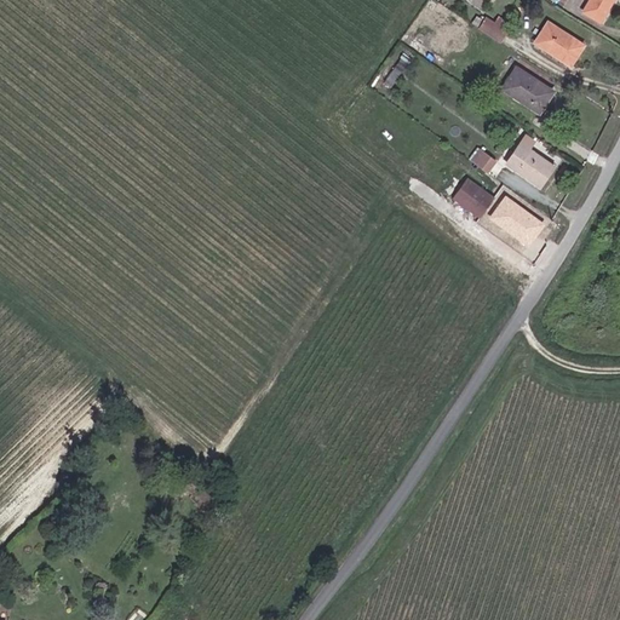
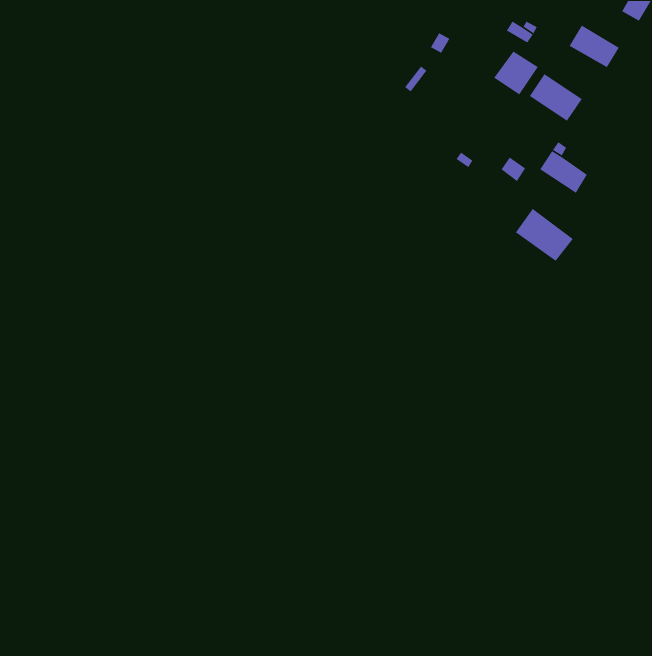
building: none -> [493,50,539,96]
building: [450,173,492,212] -> none

